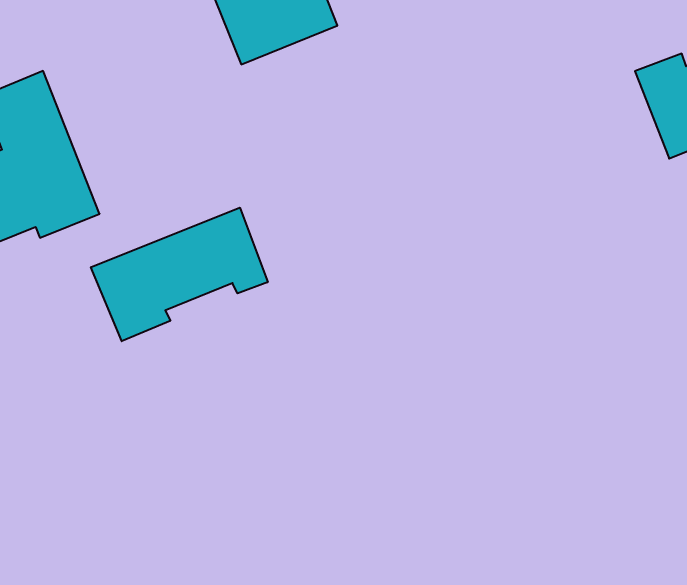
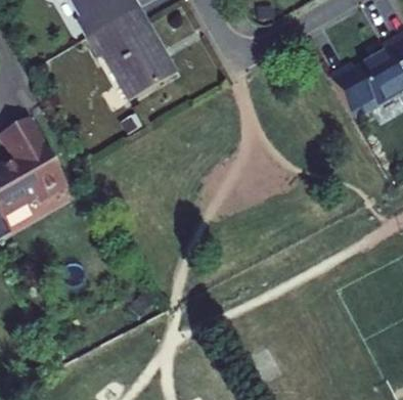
building: [91,208,268,341] -> none

